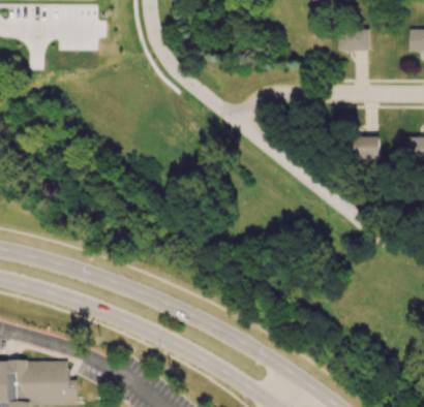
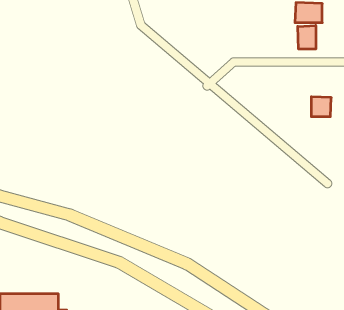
building: none -> [298,25,316,49]

